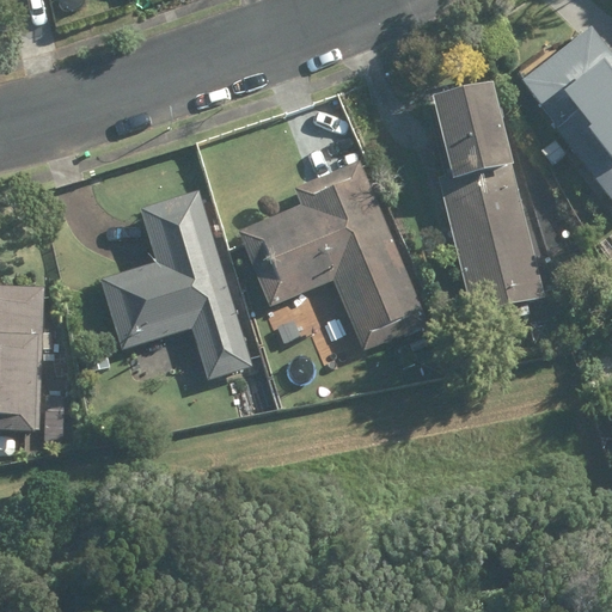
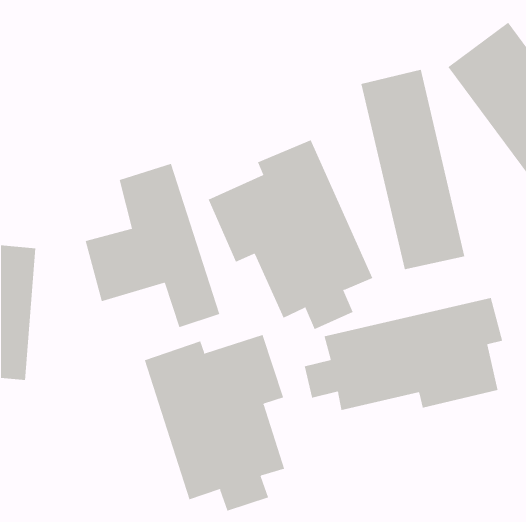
building: none -> [304,297,503,411]
building: none -> [144,334,285,511]

